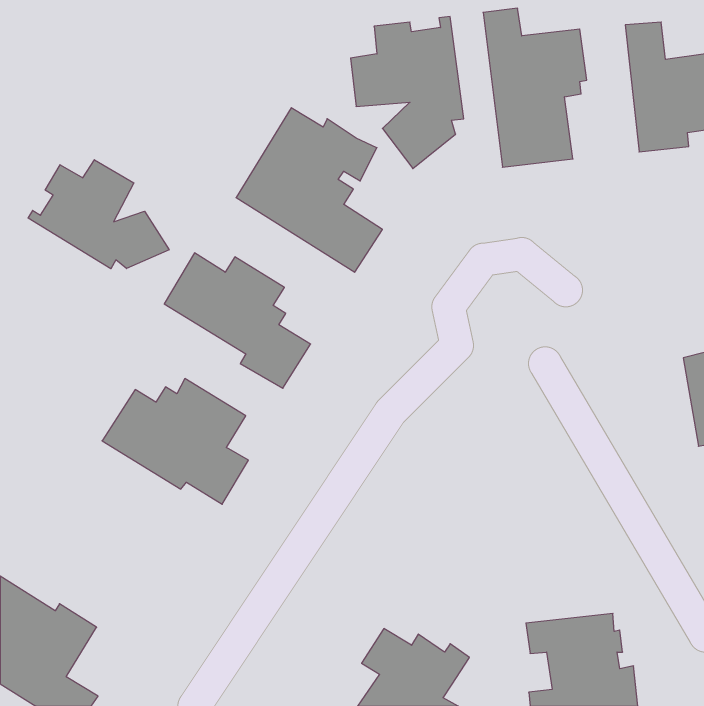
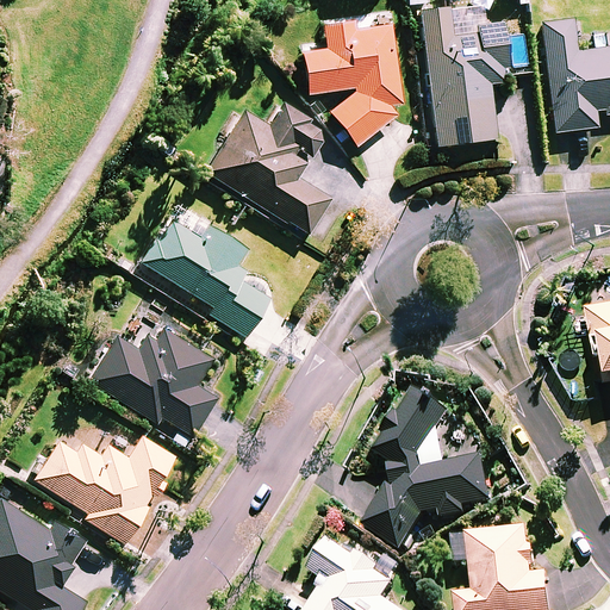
building: [28,160,169,269] -> none
building: none -> [366,390,492,550]
building: none -> [35,428,174,542]

